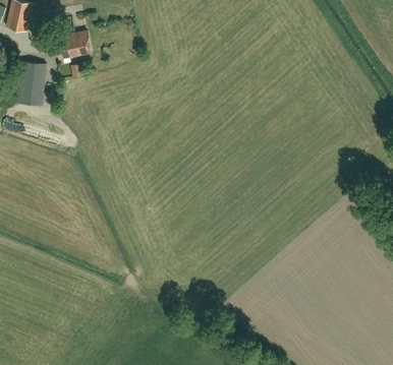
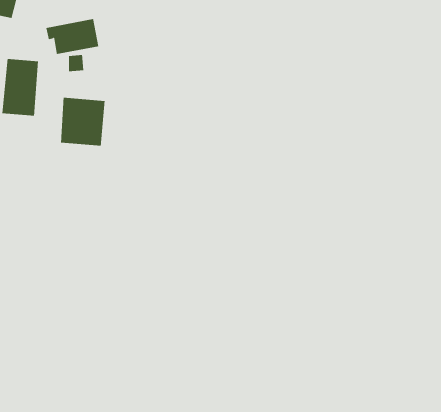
building: none -> [61,97,105,146]

